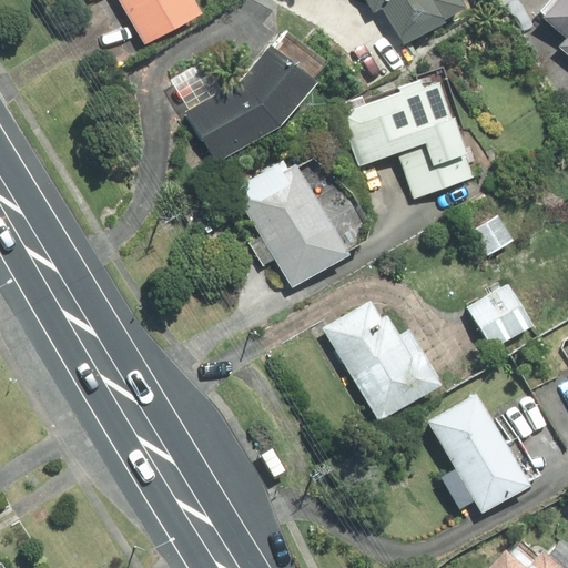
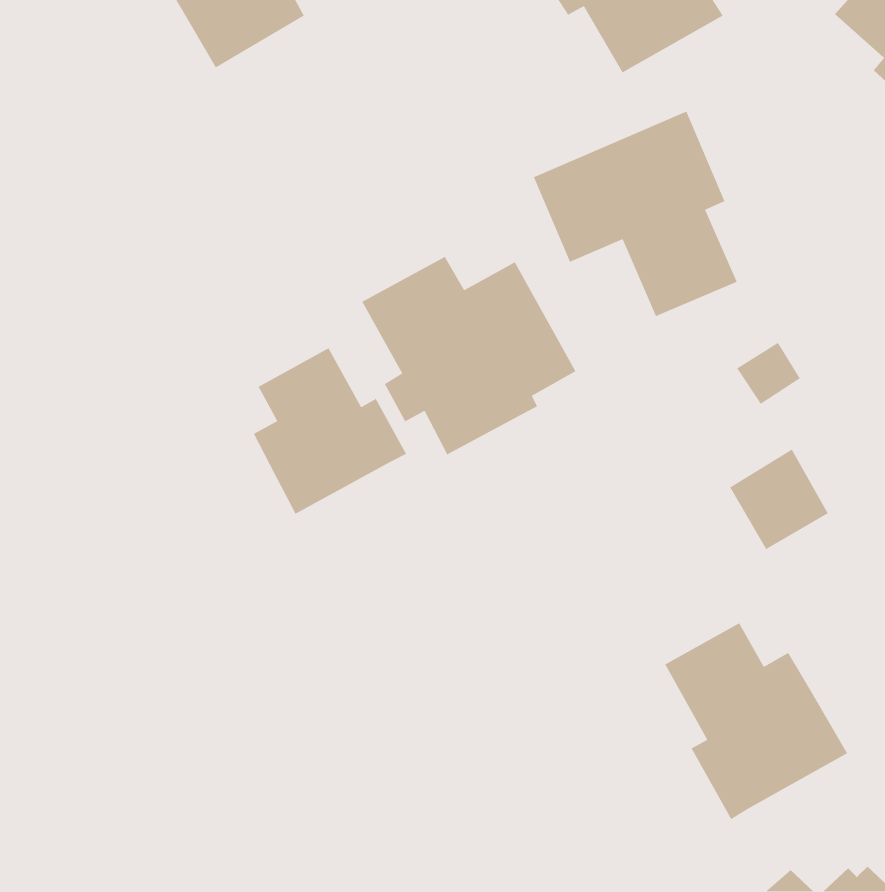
building: [184,30,325,165] -> none
building: none -> [253,347,407,515]
building: [324,302,445,423] -> none

